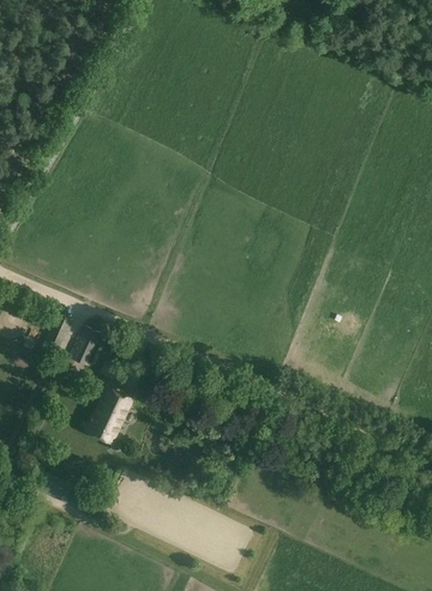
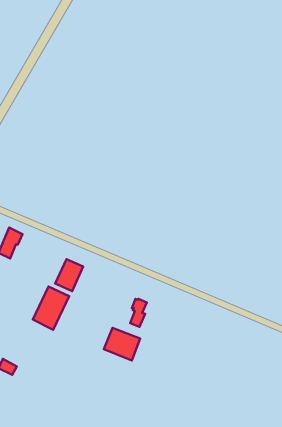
building: [68,326,104,367] -> [55,259,83,291]
building: none -> [104,328,140,360]

